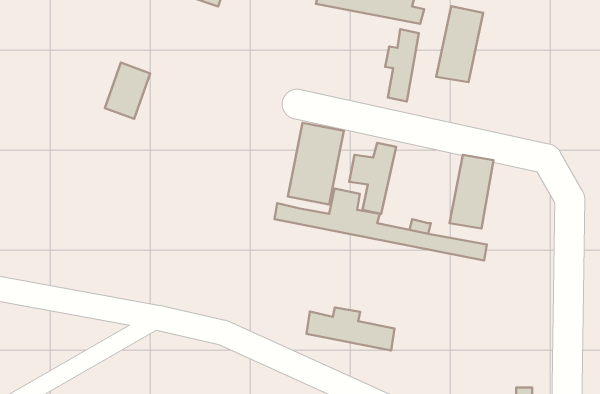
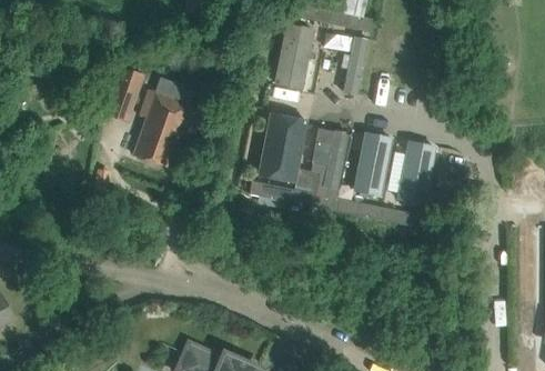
building: [436,6,483,82] -> [276,23,315,87]
building: none -> [134,89,189,167]
building: none -> [352,131,388,193]
building: [306,307,395,351] -> none

